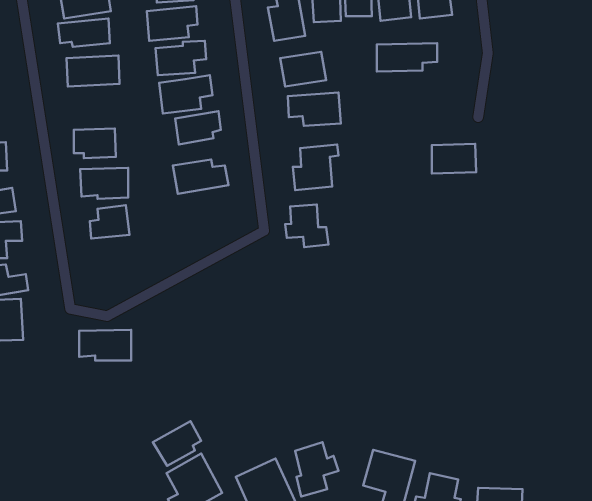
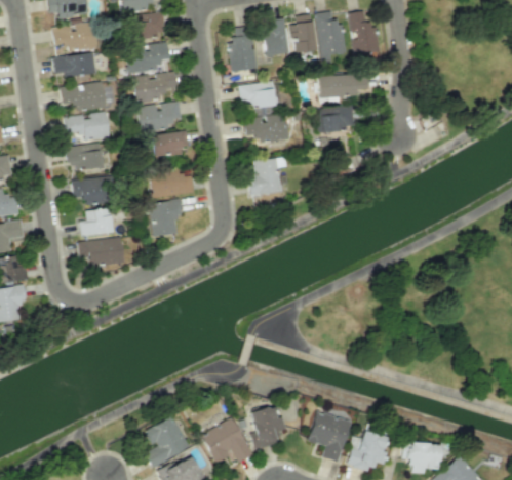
building: none -> [65,112,110,143]
building: [432,144,476,173] -> [318,107,355,131]
building: none -> [150,200,183,237]
building: [285,204,329,247] -> none
building: [79,330,131,361] -> [80,239,123,265]
building: [153,421,201,466] -> none

